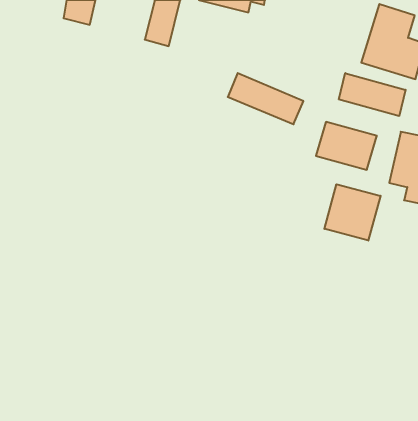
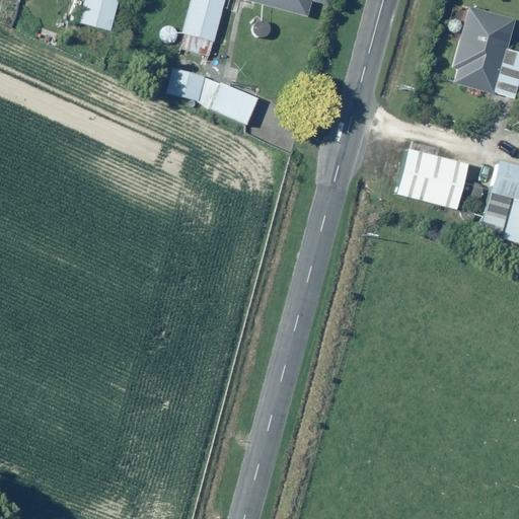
building: [228,73,303,124] -> [167,62,261,125]
building: [339,73,406,116] -> none
building: [324,184,381,241] -> none

